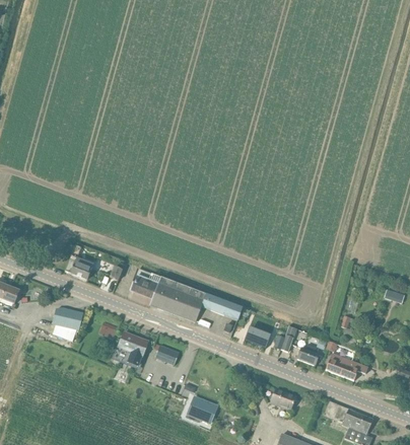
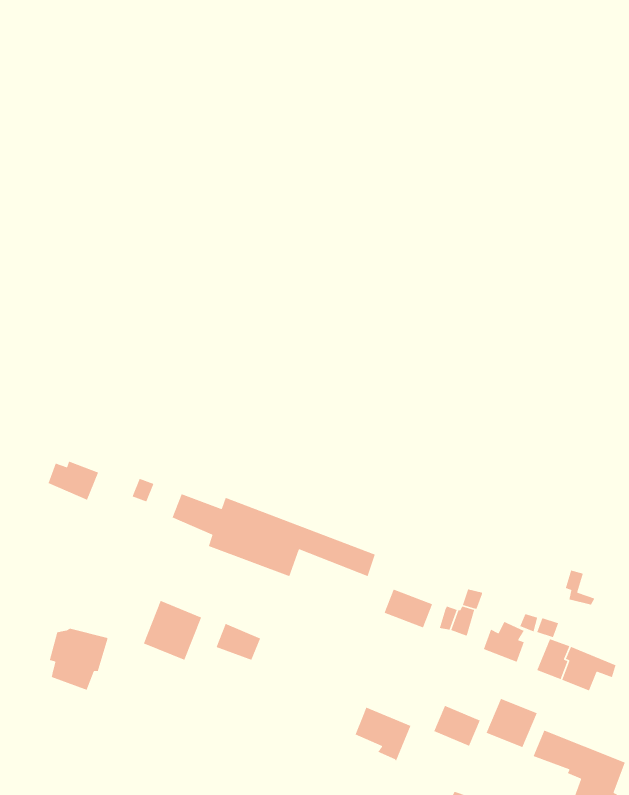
building: [52,306,83,340] -> [49,628,108,691]
building: none -> [486,698,538,748]
building: [188,394,218,424] -> [354,706,412,762]

